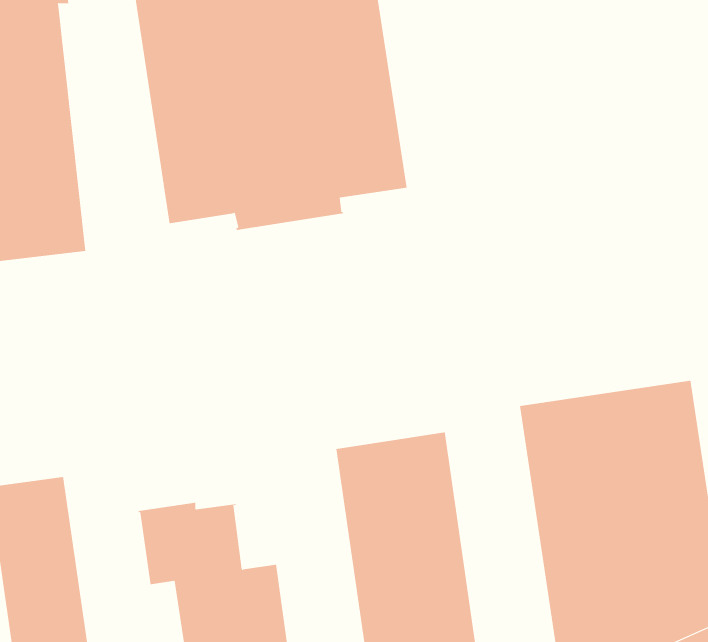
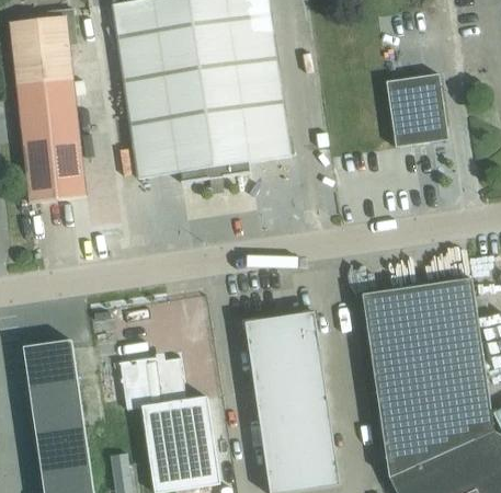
building: none -> [386,74,447,147]

